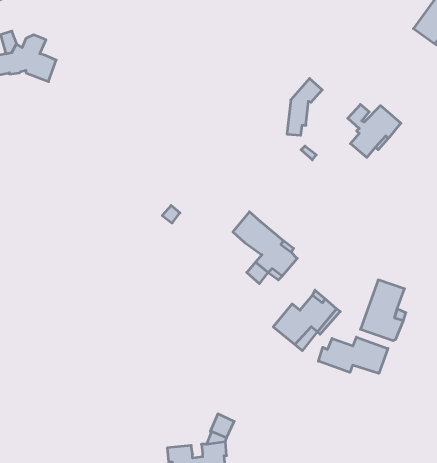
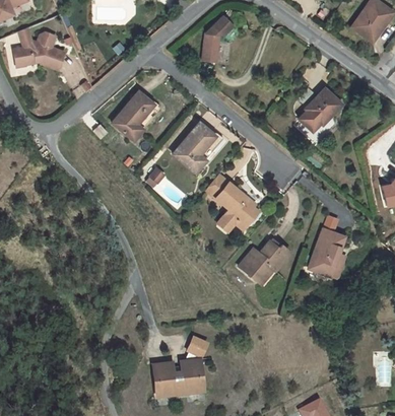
building: [287,78,322,135] -> [203,15,232,61]
building: none -> [112,90,159,139]
building: none -> [173,122,221,171]
building: [318,337,388,373] -> none

